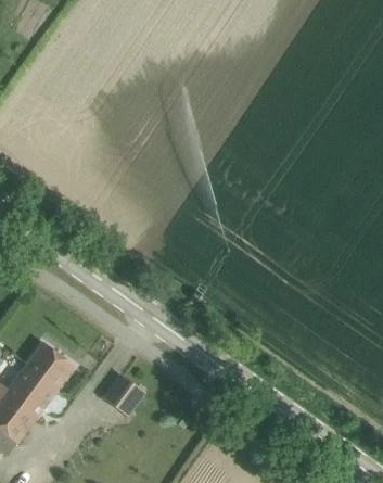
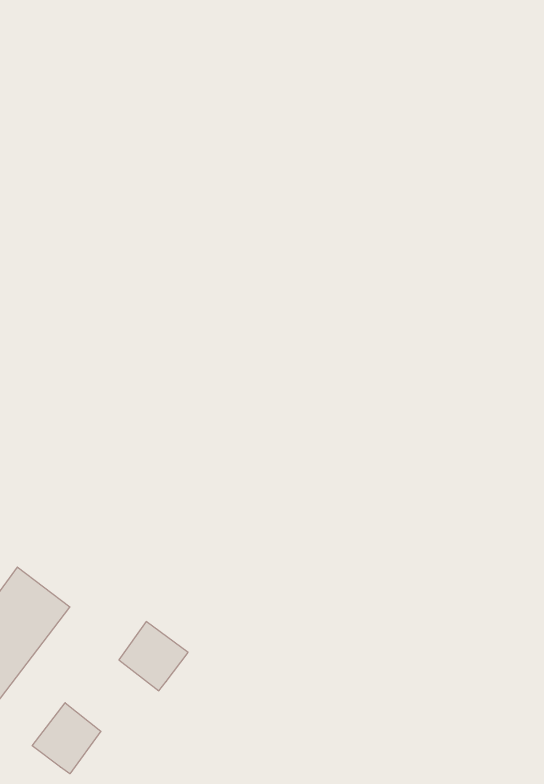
building: none -> [32,703,101,774]

